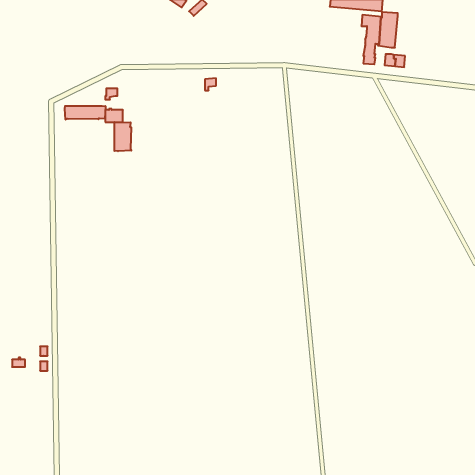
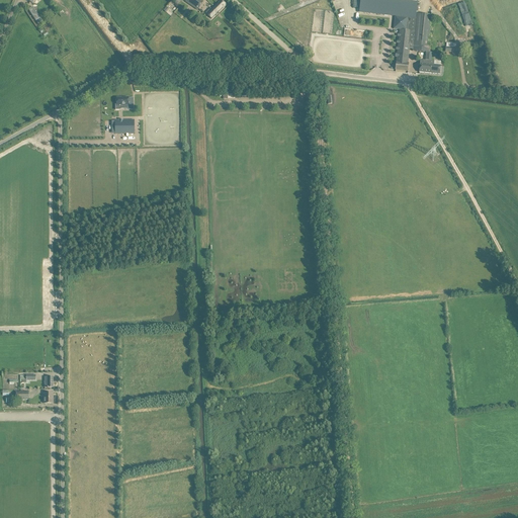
building: [65,106,105,120] -> none
building: [114,122,131,151] -> none

